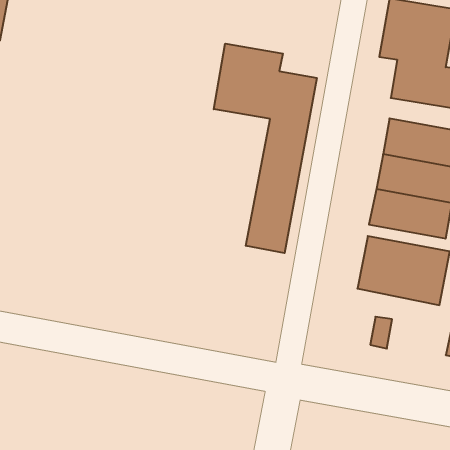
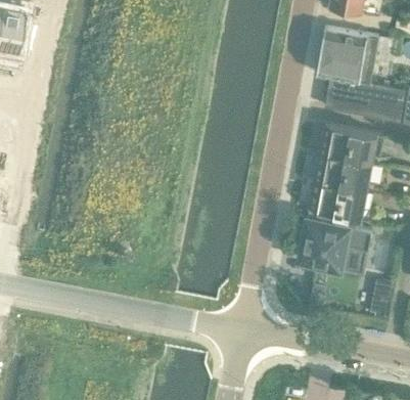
building: [214,44,317,253] -> none

